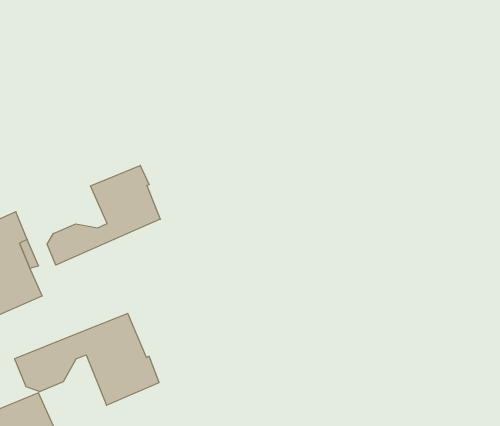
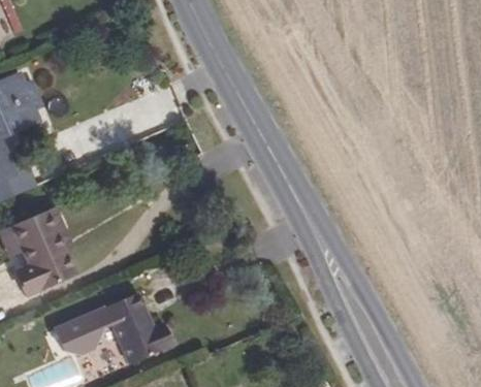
building: [47,165,160,265] -> none

